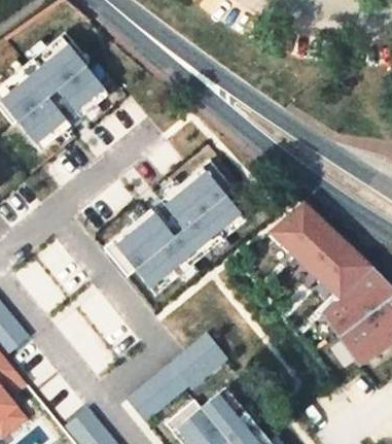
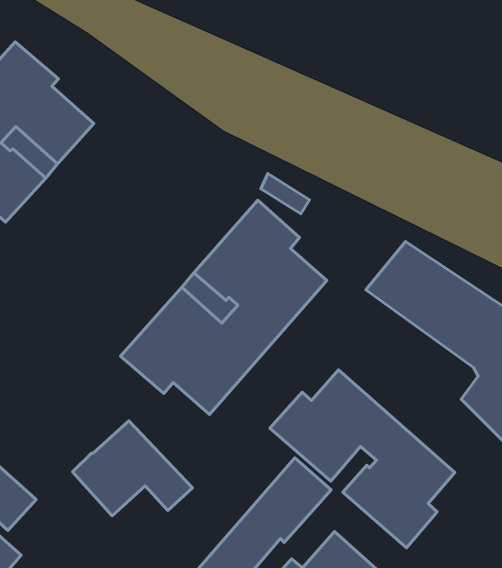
building: none -> [270,370,455,548]

